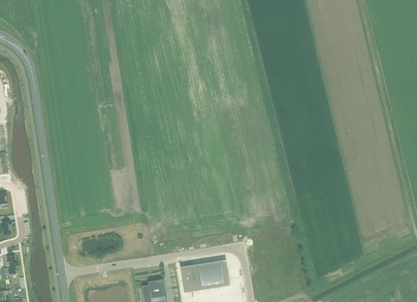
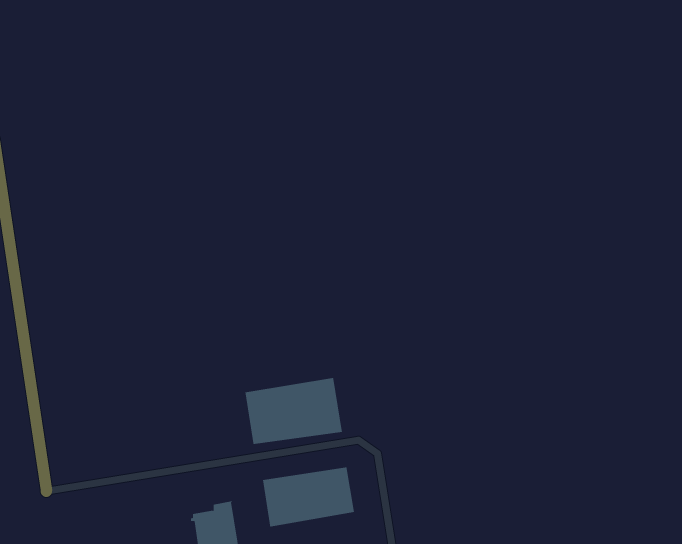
building: none -> [245,377,342,445]

